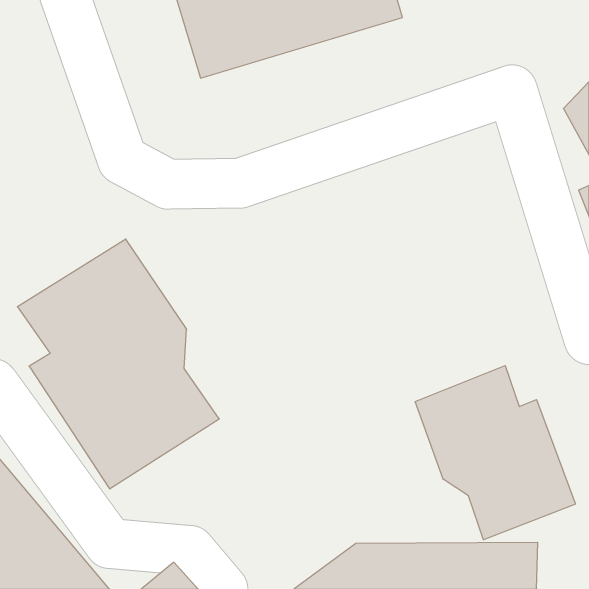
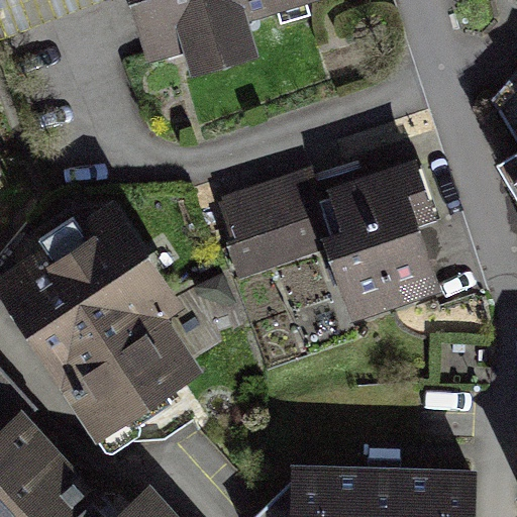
building: none -> [217,167,451,322]
building: [415,366,575,540] -> none

